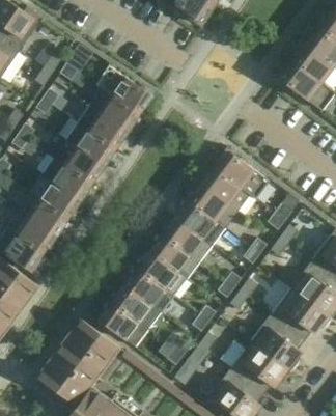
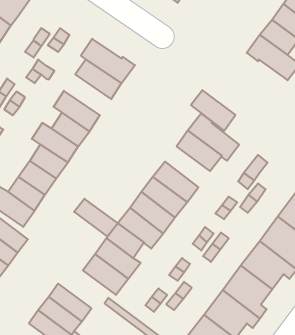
building: [77,105,129,149] -> none
building: [188,184,236,228] -> [191,90,235,131]
building: [71,320,118,361] -> [74,199,118,237]

